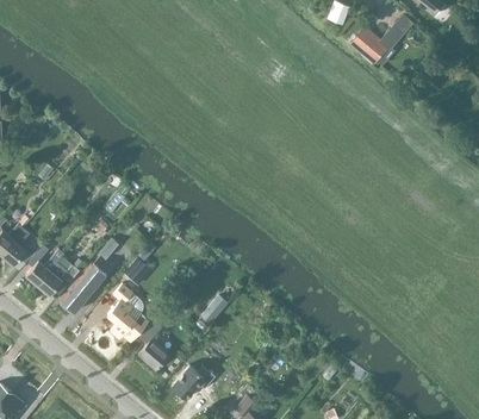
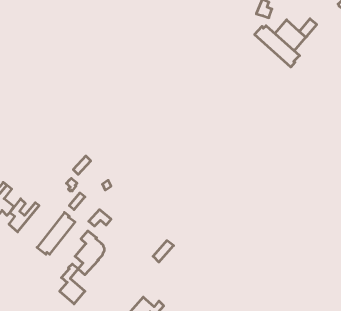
building: none -> [255,26,300,67]
building: [37,256,79,295] -> none
building: [138,321,169,370] -> [60,264,85,304]

